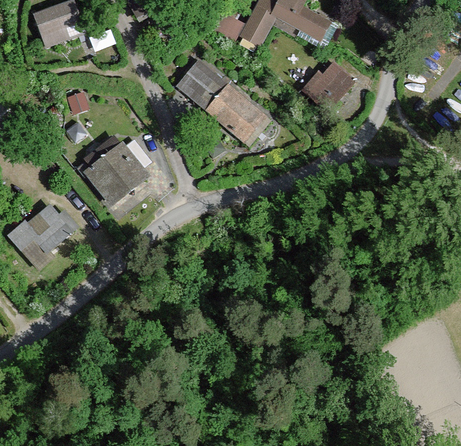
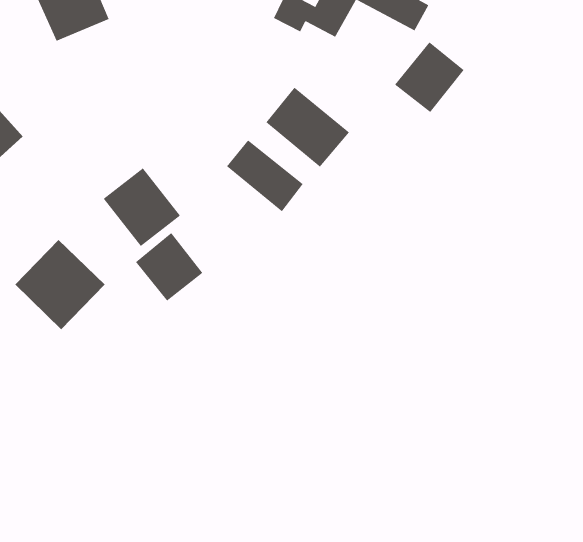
building: [175,48,228,101] -> none
building: none -> [226,140,303,212]
building: none -> [135,232,203,301]

